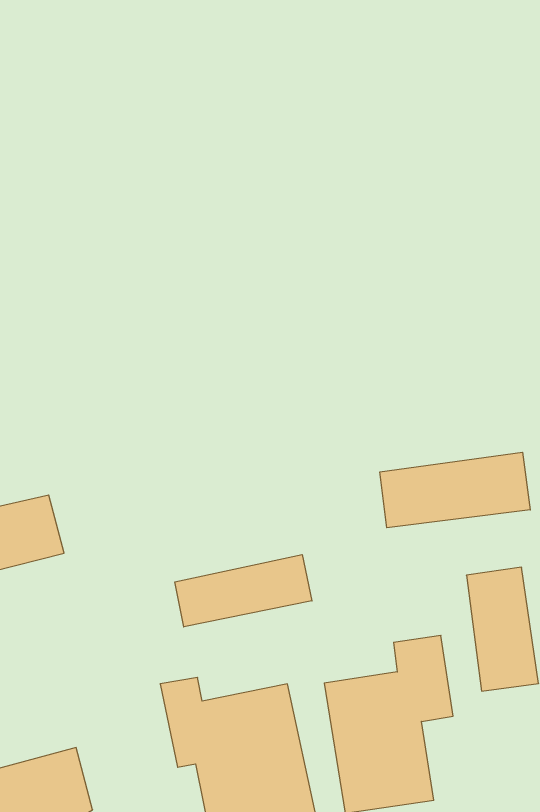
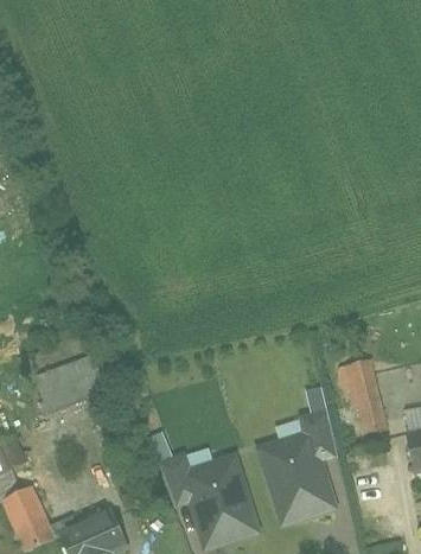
building: [380,452,530,528] -> none
building: [175,555,312,627] -> none

